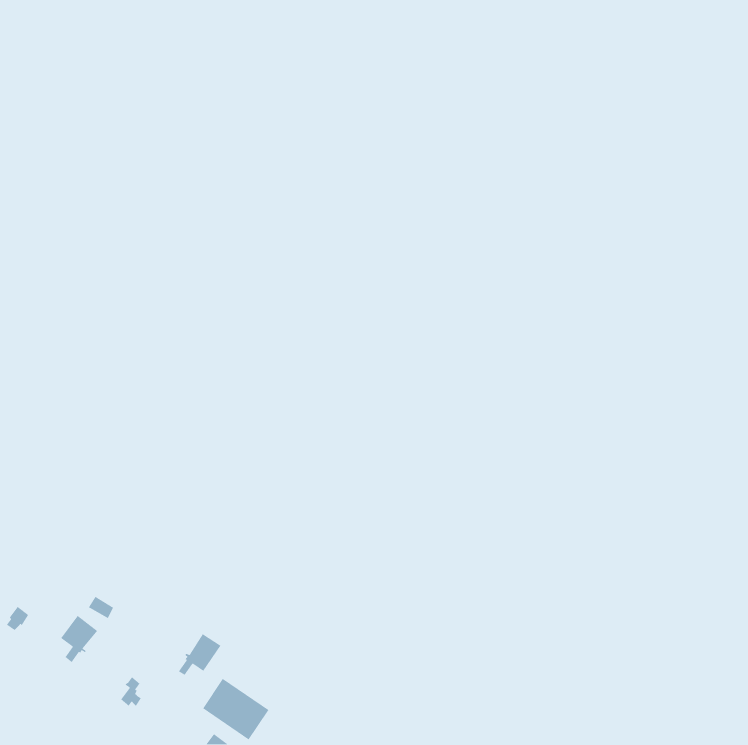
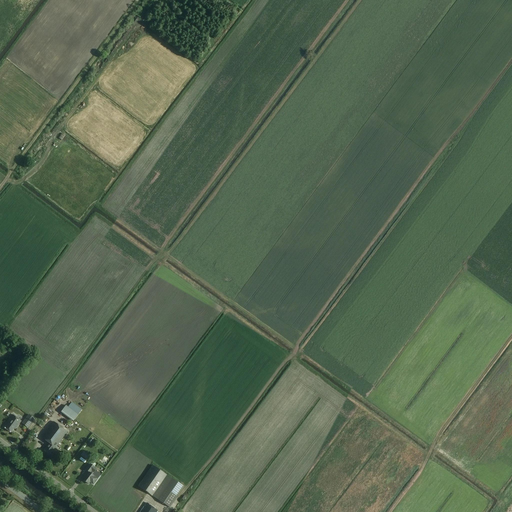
building: [178,633,222,676] -> none

